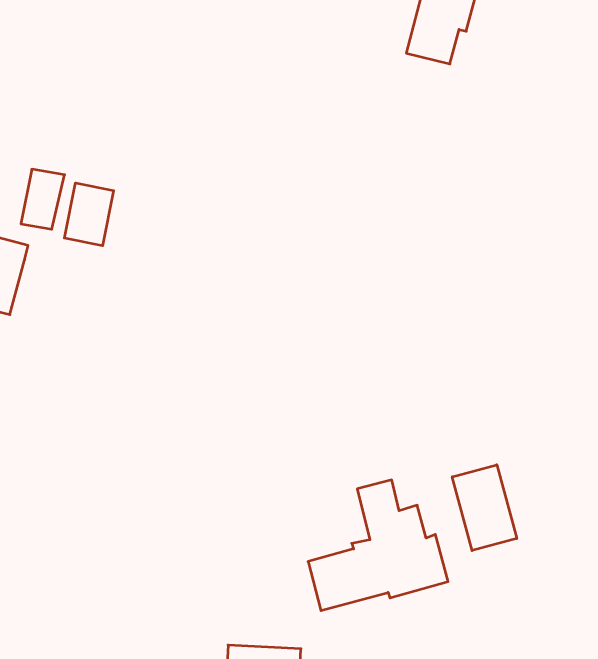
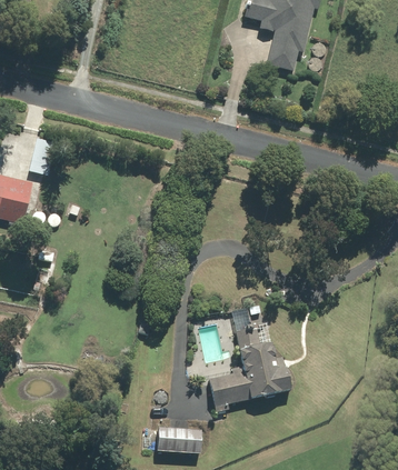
building: [64,183,114,246] -> none
building: [452,465,517,551] -> none

